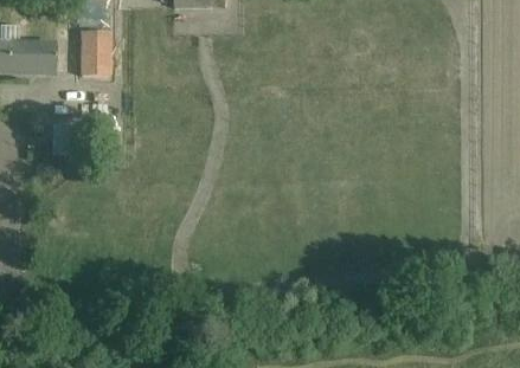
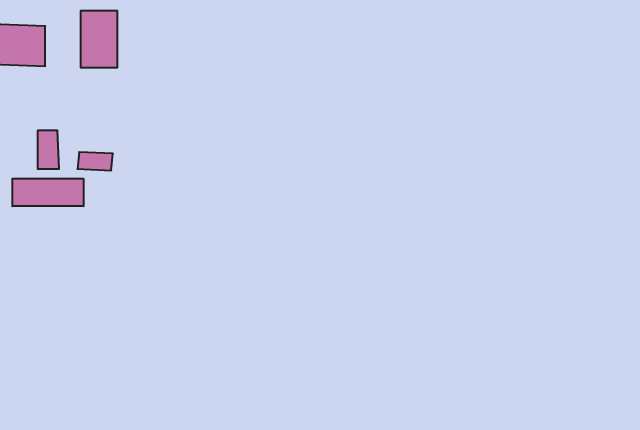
building: none -> [12,179,83,206]

